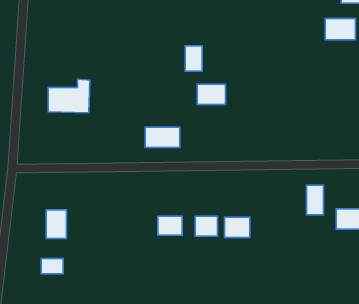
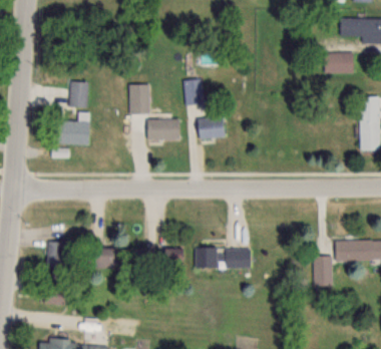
building: none -> [70,81,90,107]
building: none -> [130,84,150,114]
building: [145,127,180,148] -> [146,119,180,139]
building: [306,185,324,215] -> [315,257,332,286]
building: none -> [93,250,114,270]

